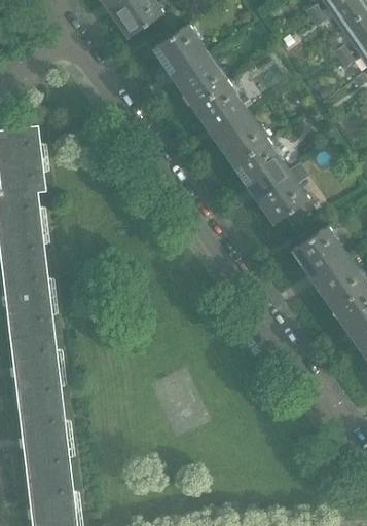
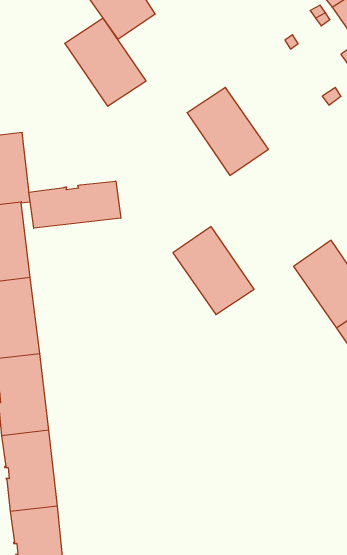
building: [152,25,228,107] -> [65,18,146,106]
building: [232,141,308,223] -> [173,227,254,315]
building: none -> [29,181,121,228]

